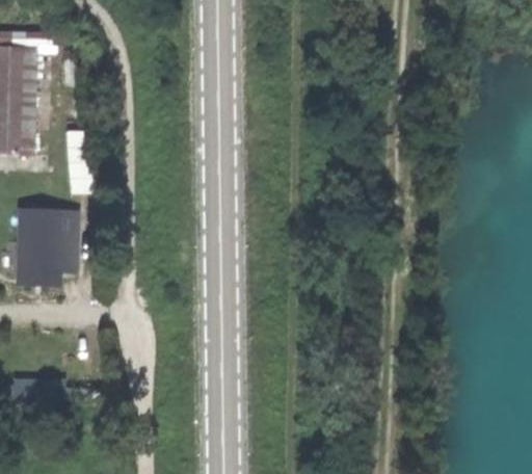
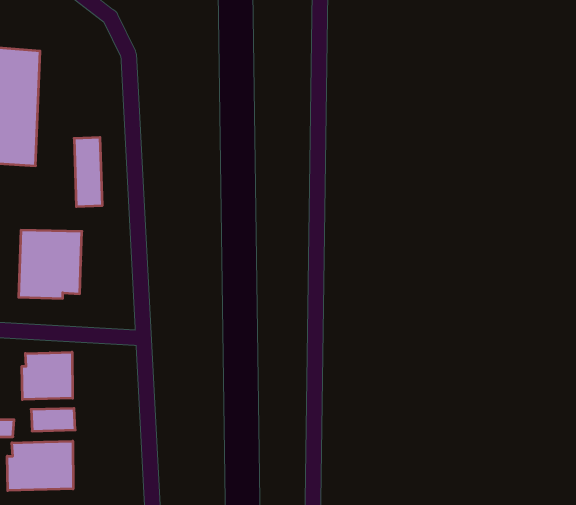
building: none -> [22,352,73,400]
building: none -> [7,441,73,491]

